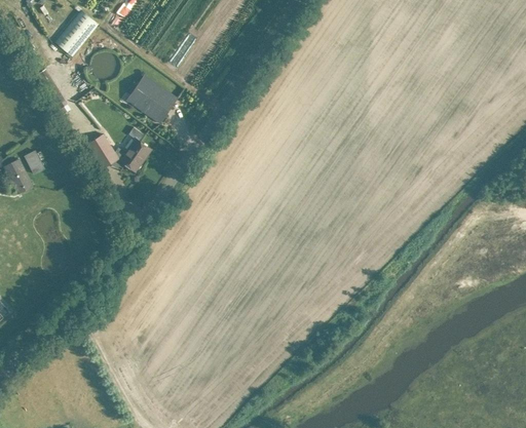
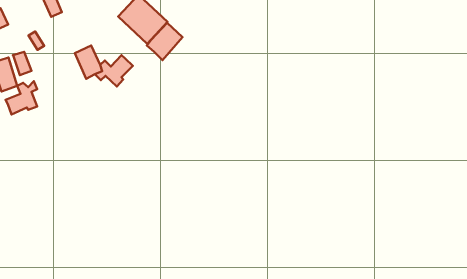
building: none -> [147,23,183,60]
building: none -> [6,81,37,114]

